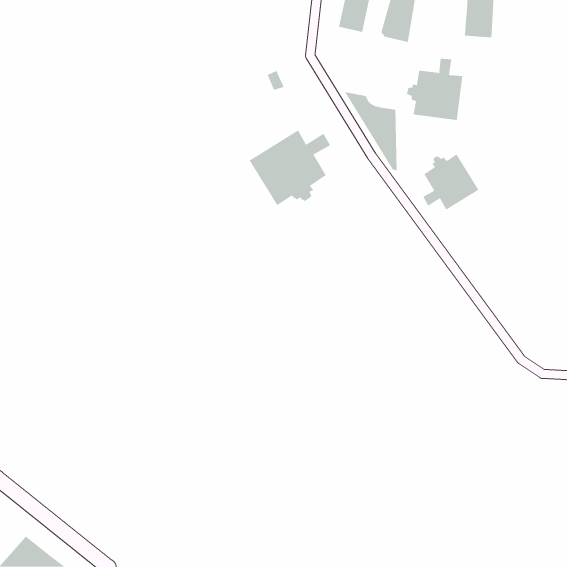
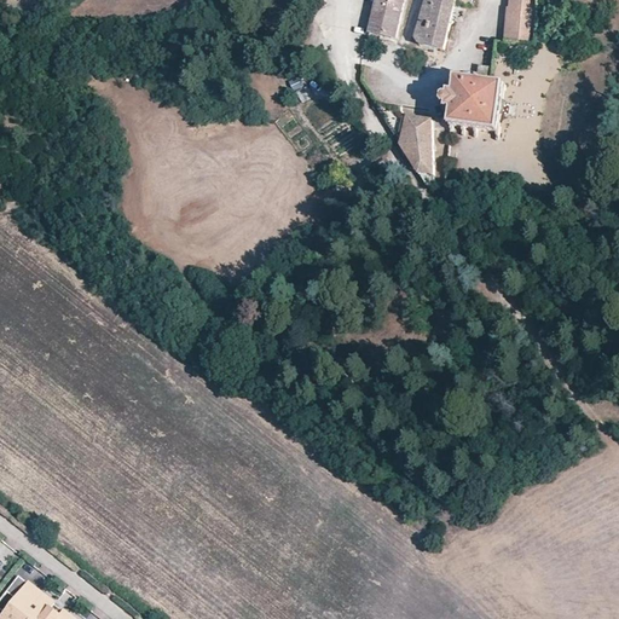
building: [249,130,331,206] -> none
building: [422,154,479,210] -> none

